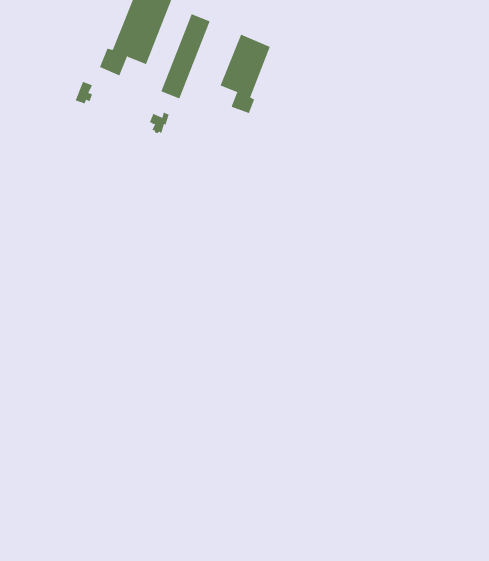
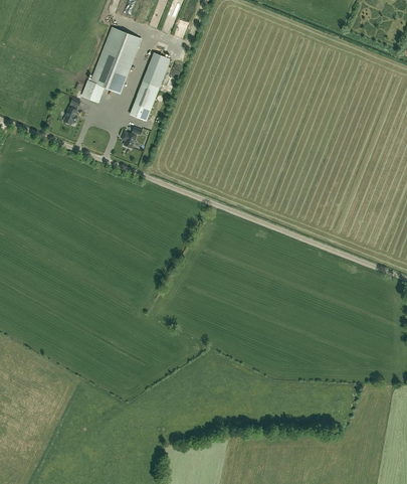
building: [220,34,271,114] -> none

